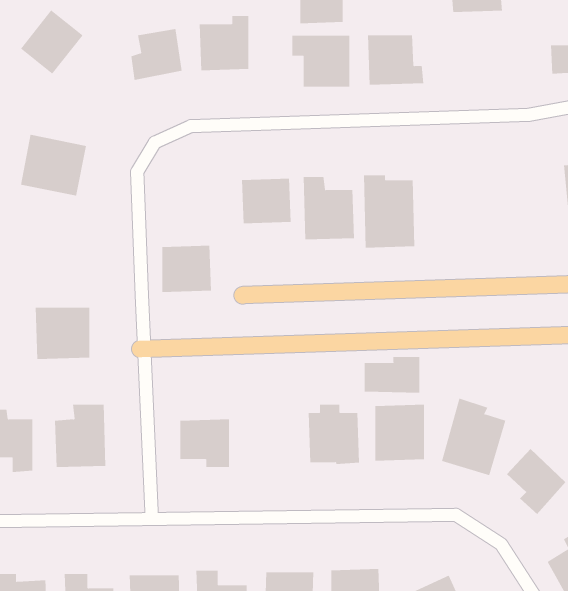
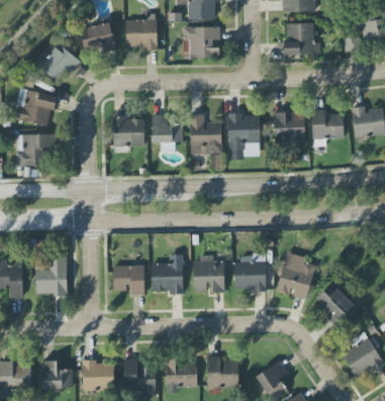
building: [20,9,83,74] -> [39,43,79,84]
building: [367,35,424,85] -> [285,23,320,55]
building: none -> [311,110,344,146]
building: none -> [273,112,305,148]
building: [162,245,212,292] -> [113,117,145,146]
building: [35,307,90,359] -> [16,134,51,167]
building: [364,356,420,393] -> none
building: none -> [152,255,183,292]

